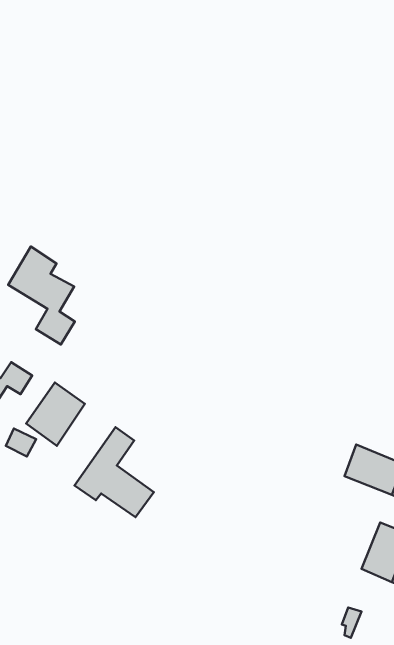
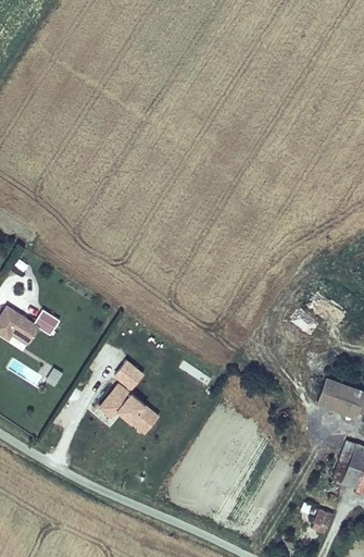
building: [8,247,75,345] -> none
building: [26,383,85,446] -> none

